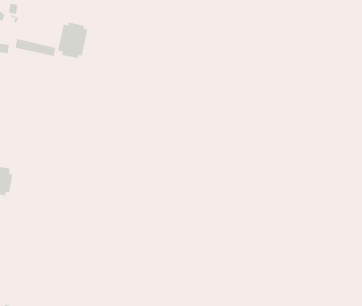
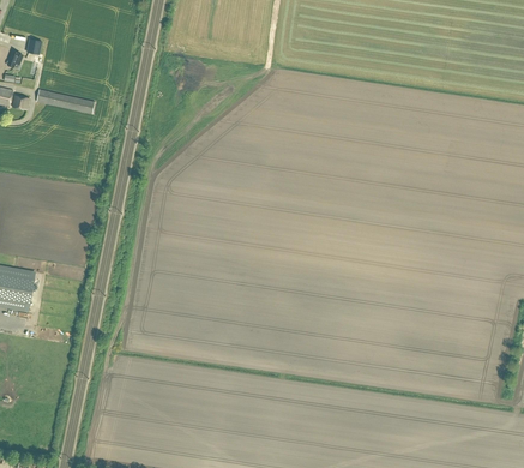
building: [58,22,88,59] -> none

